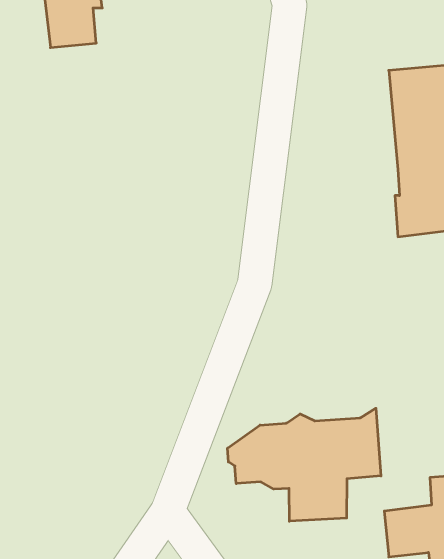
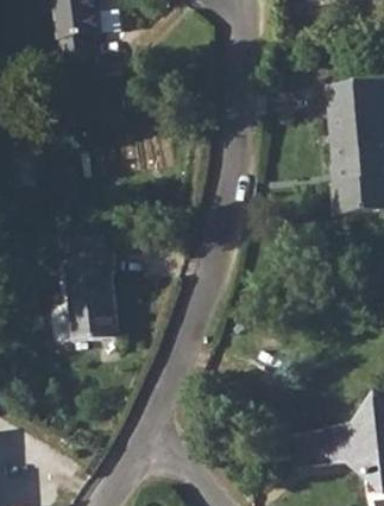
building: none -> [65,248,119,339]
building: [228,408,381,521] -> none

